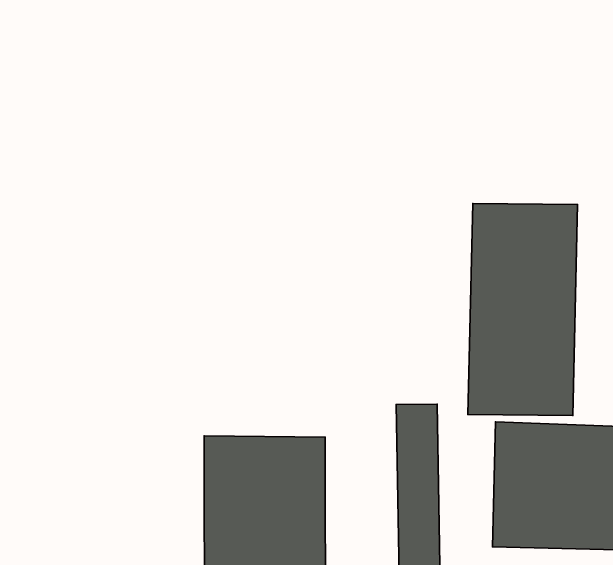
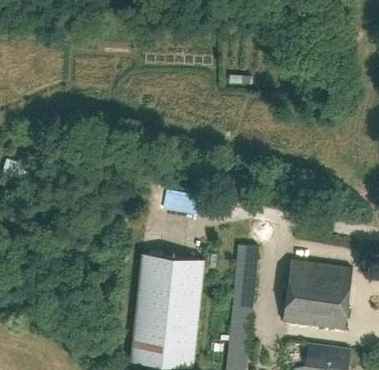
building: [468,204,578,416] -> none

